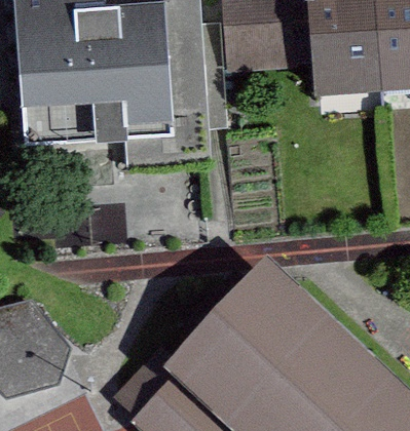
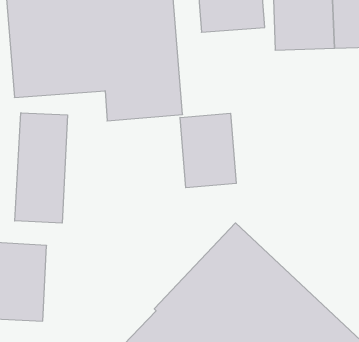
building: none -> [15,113,67,223]
building: none -> [180,113,236,188]

